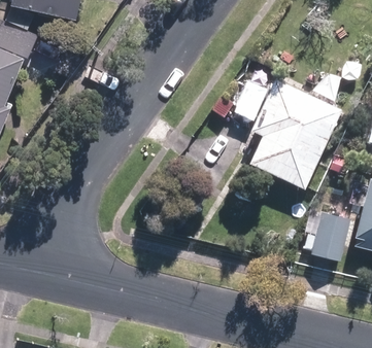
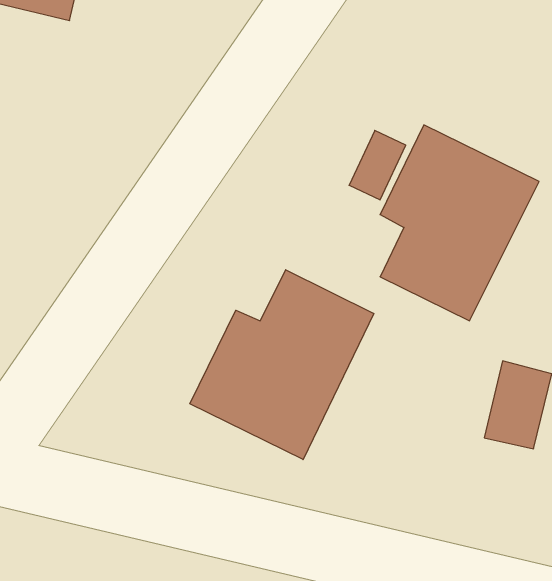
building: none -> [190,270,374,460]

